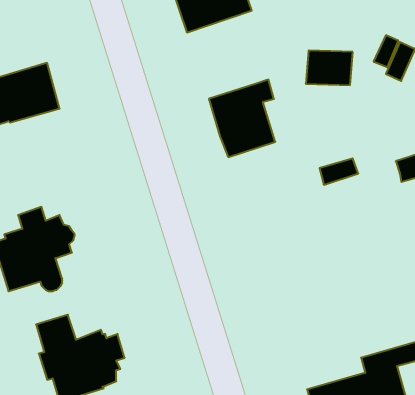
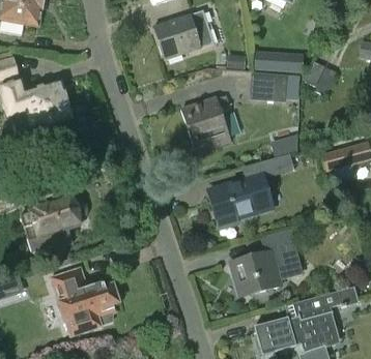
building: none -> [254,50,303,71]
building: none -> [208,173,272,220]
building: none -> [229,228,302,295]

